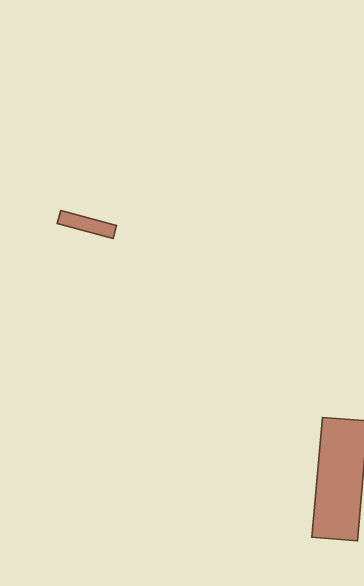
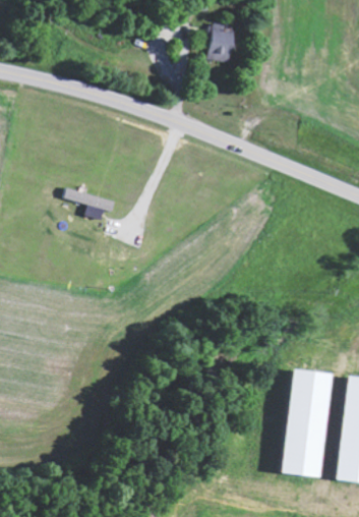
building: none -> [203,27,234,63]

